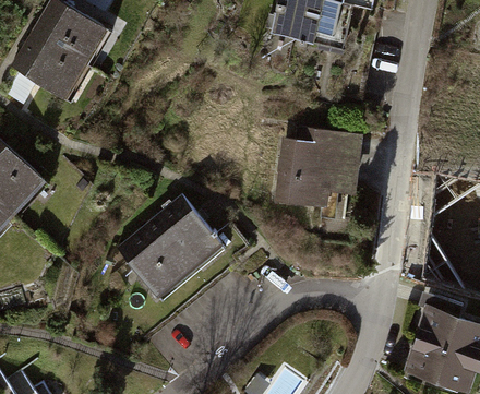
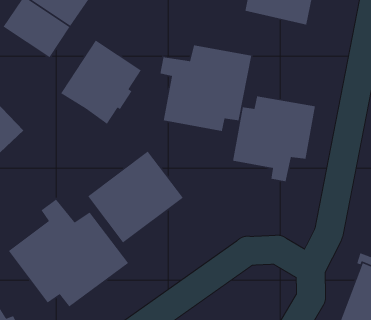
building: none -> [160,44,252,132]
building: none -> [60,40,142,125]
building: none -> [8,198,129,307]

